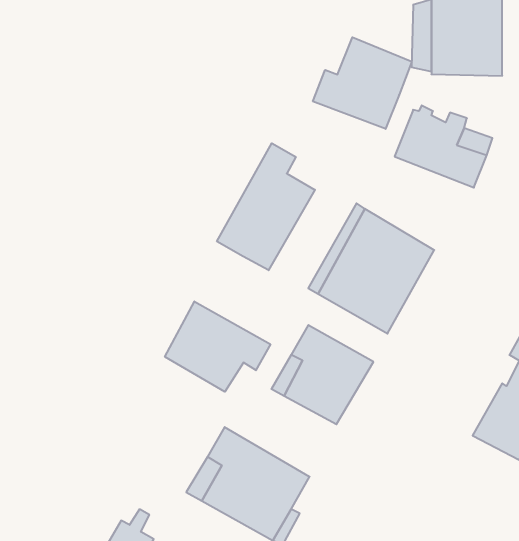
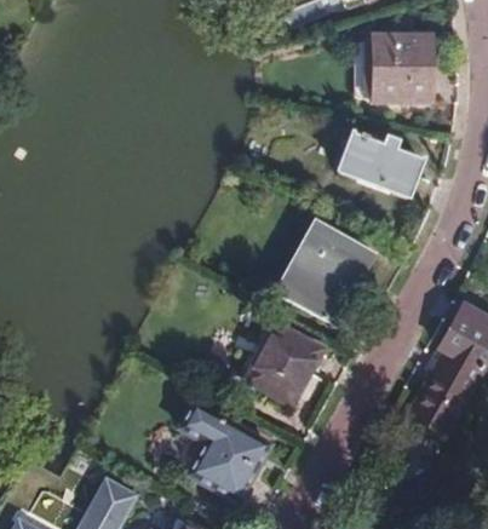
building: [313,37,412,129] -> none
building: [217,143,315,270] -> none
building: [165,301,270,392] -> none

